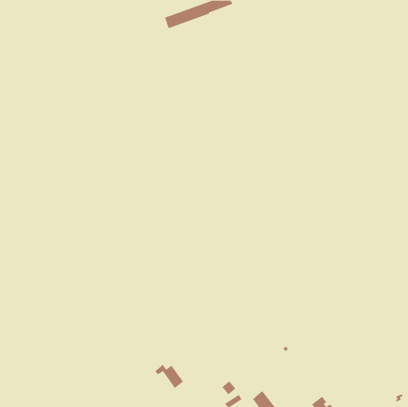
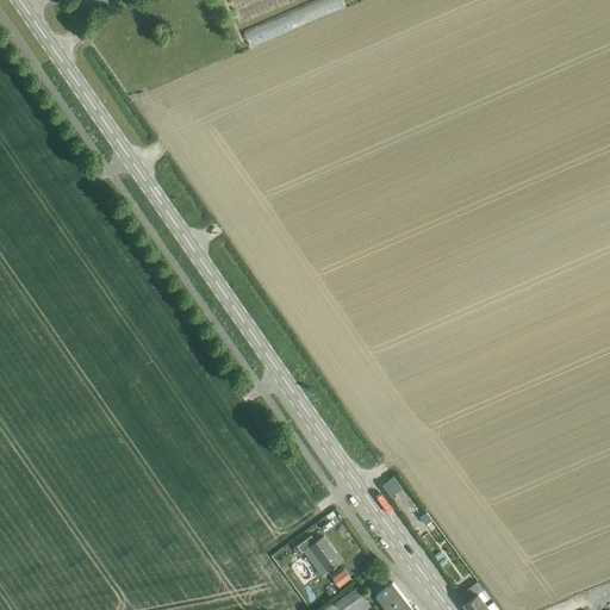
building: [154,364,184,389] -> [297,537,341,574]

